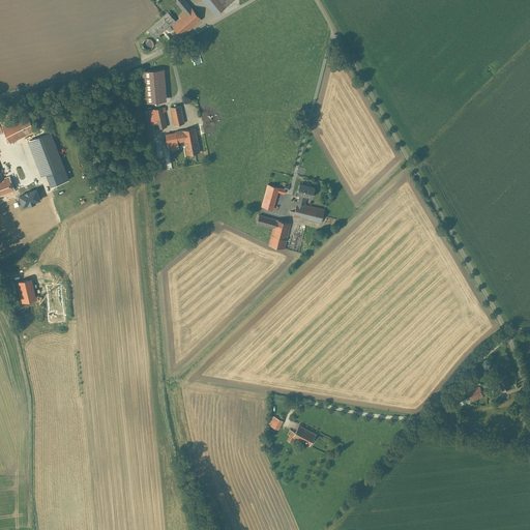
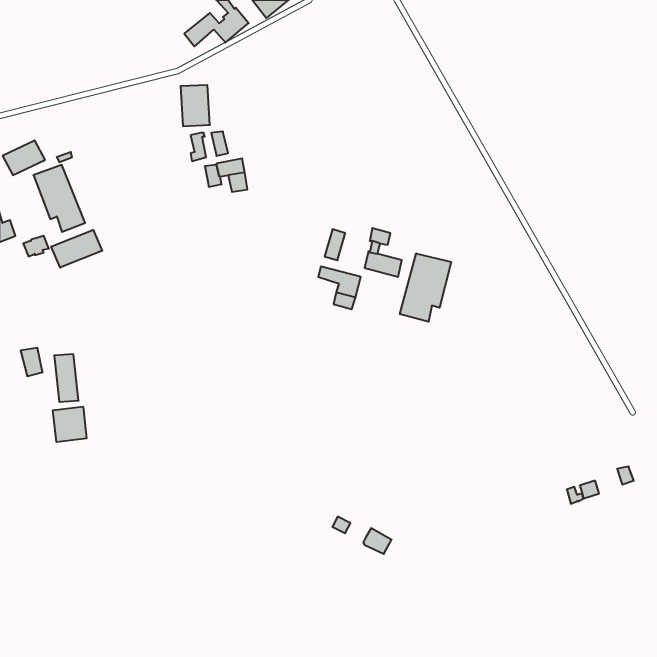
building: none -> [51,230,102,268]
building: none -> [400,253,451,322]
building: none -> [53,407,87,442]

